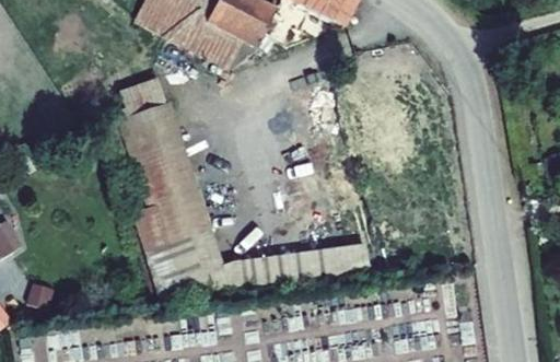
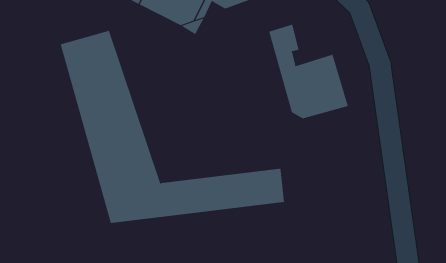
building: none -> [268,24,349,119]

